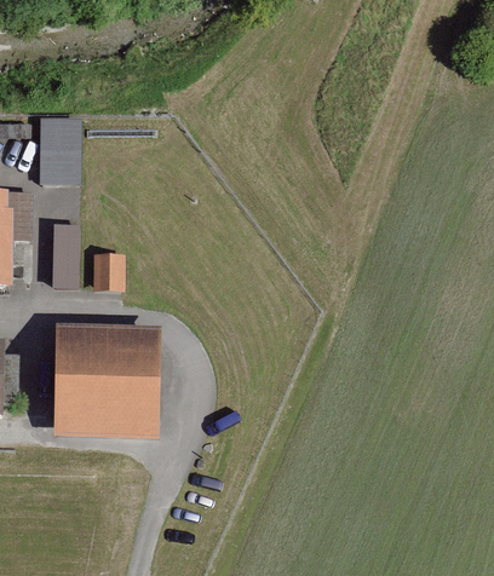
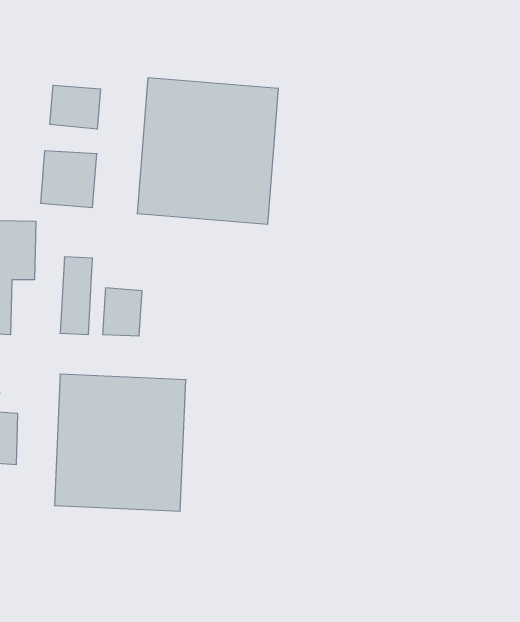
building: none -> [137,78,278,224]
building: none -> [50,85,101,129]

